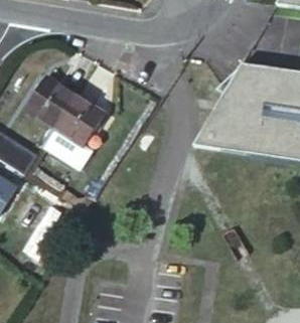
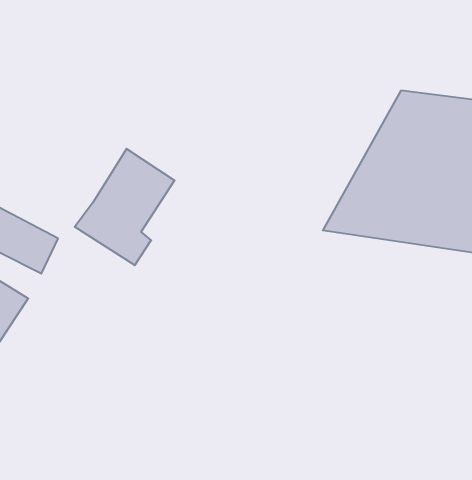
building: [29,78,78,128] -> none

